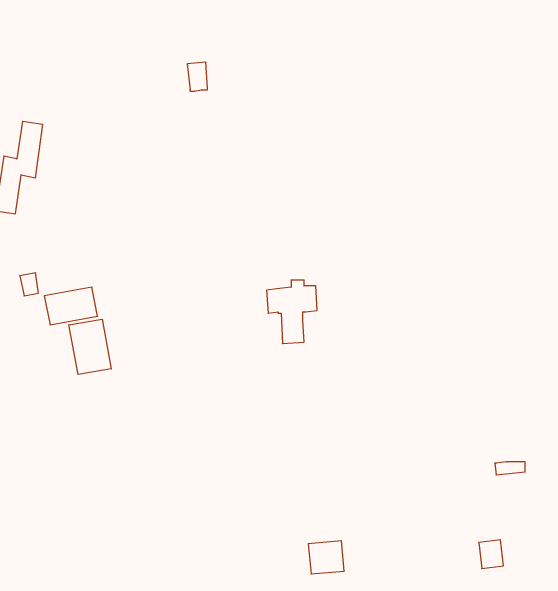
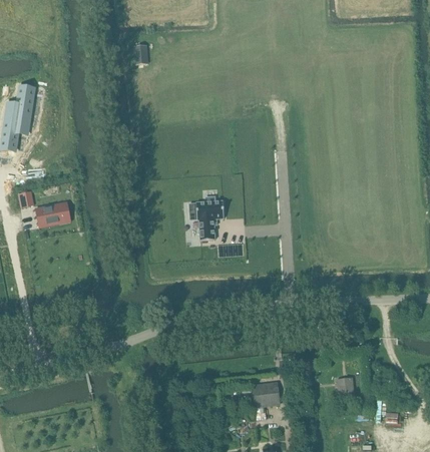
building: [69,319,111,374] -> none
building: [308,541,344,574] -> [254,383,279,406]

